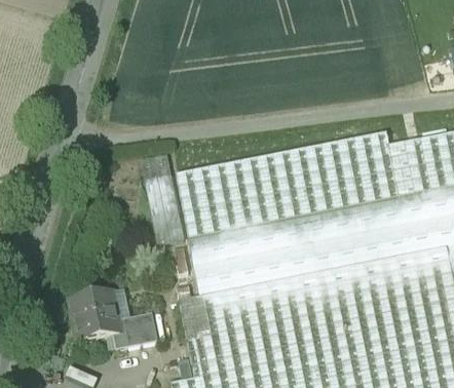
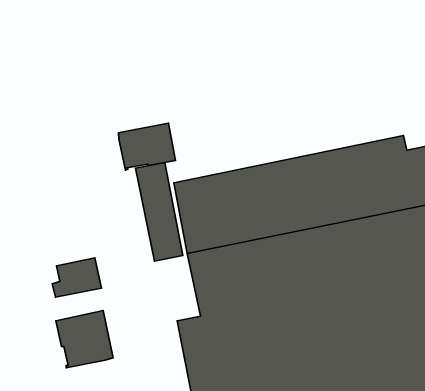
building: none -> [118,123,176,170]
building: [116,311,161,347] -> [52,258,101,297]

